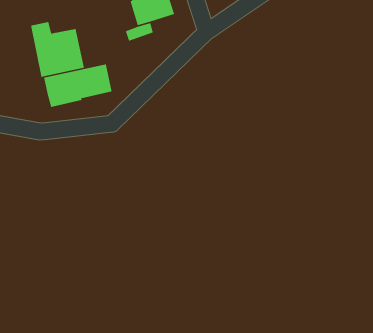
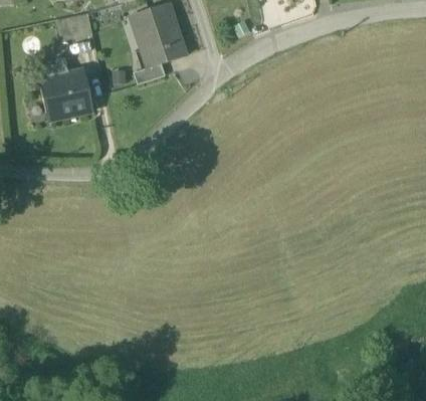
building: [43,63,113,108] -> none

